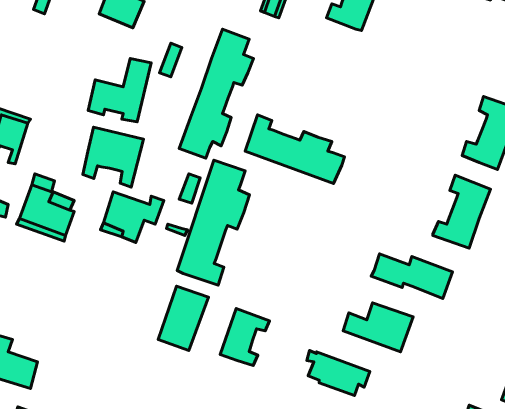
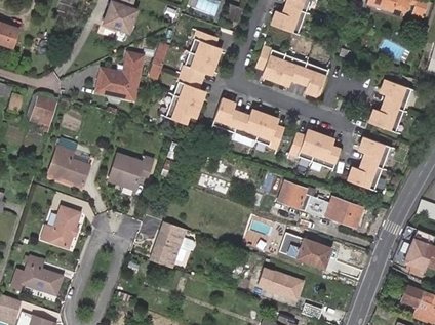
building: none -> [258,48,329,98]
building: [83,127,143,187] -> none
building: [177,160,250,285] -> none
building: none -> [292,128,343,166]
building: none -> [280,181,311,208]
building: none -> [40,205,79,246]
building: [220,308,270,365] -> none

